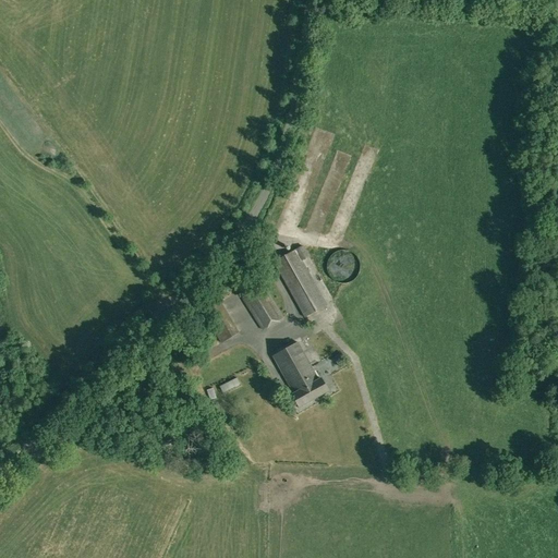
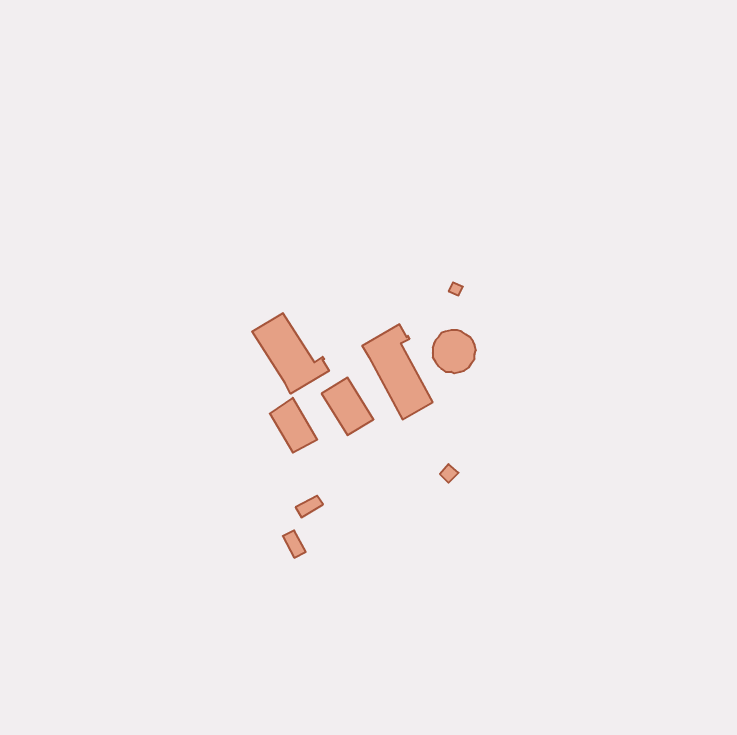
building: none -> [252,313,329,394]
building: [274,342,328,408] -> none

